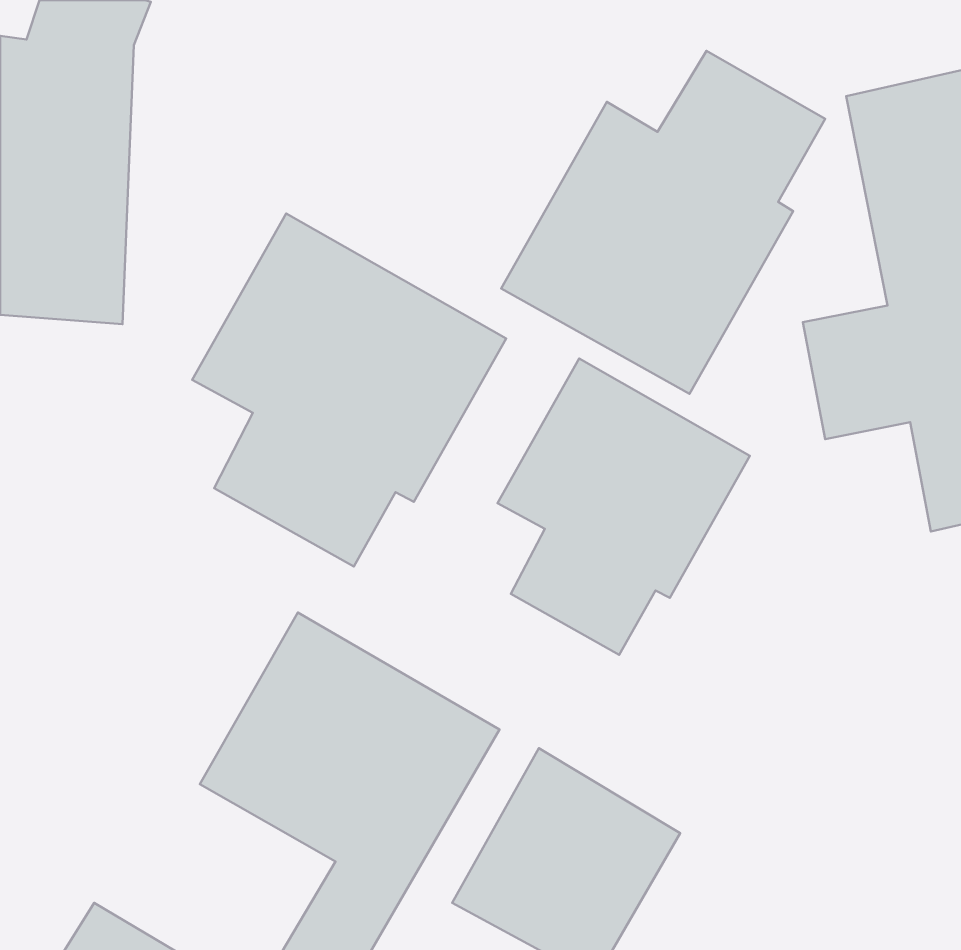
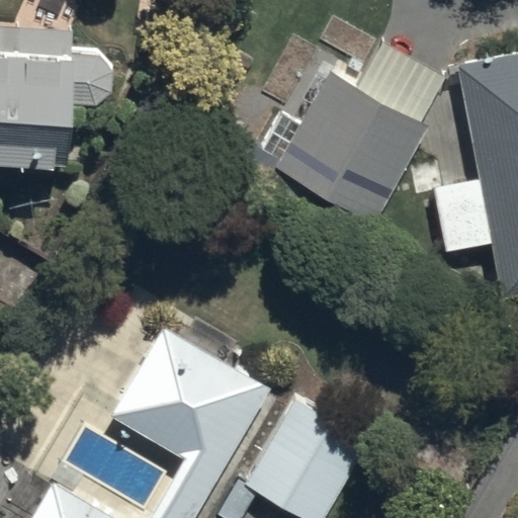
building: [192,213,506,566] -> none
building: [497,359,750,655] -> none

